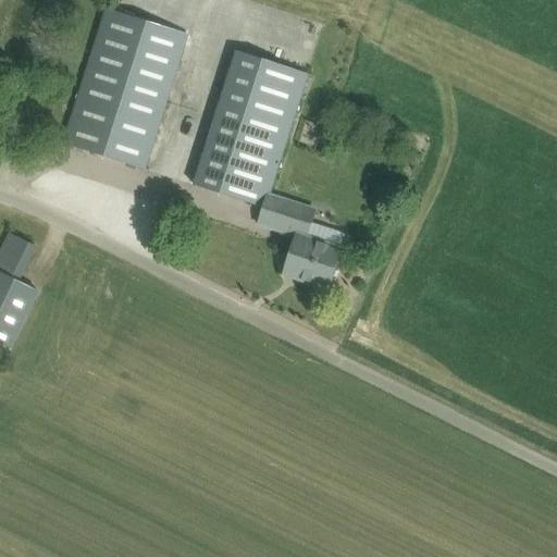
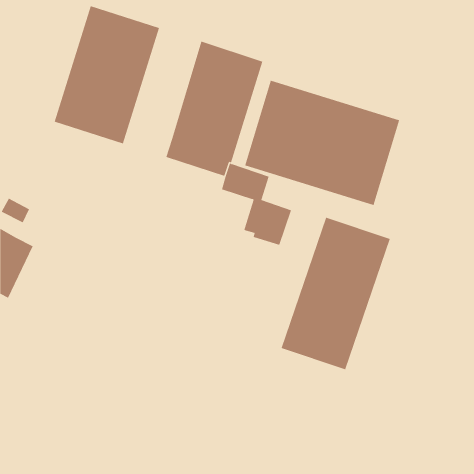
building: none -> [245,80,400,206]
building: none -> [281,217,391,370]

